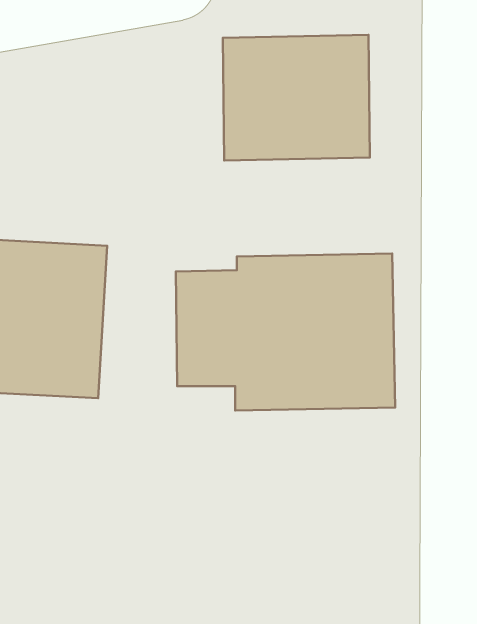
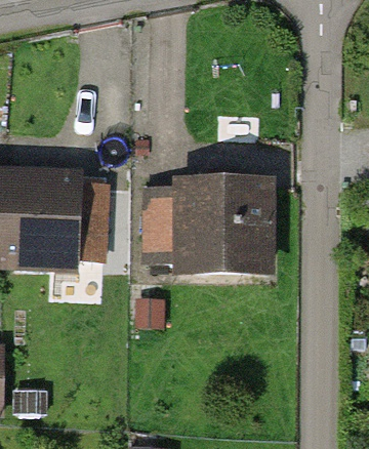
building: [223,35,370,160] -> none

